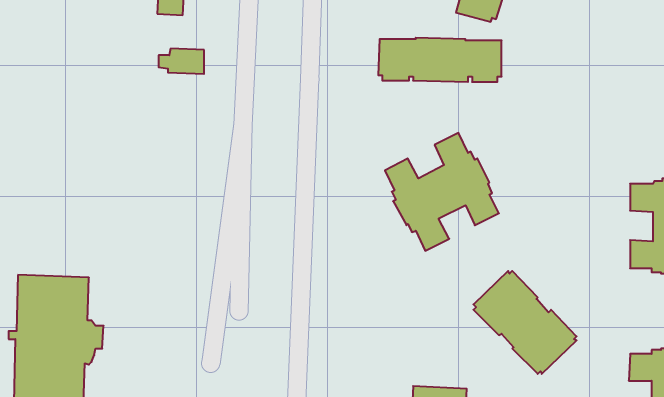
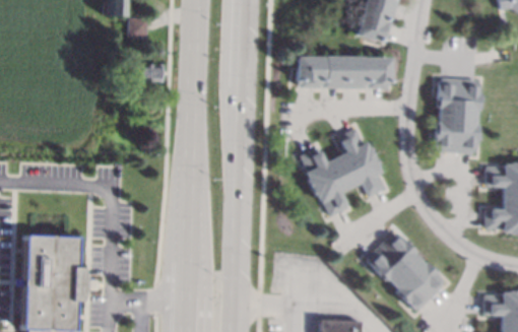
building: none -> [437,78,482,154]

